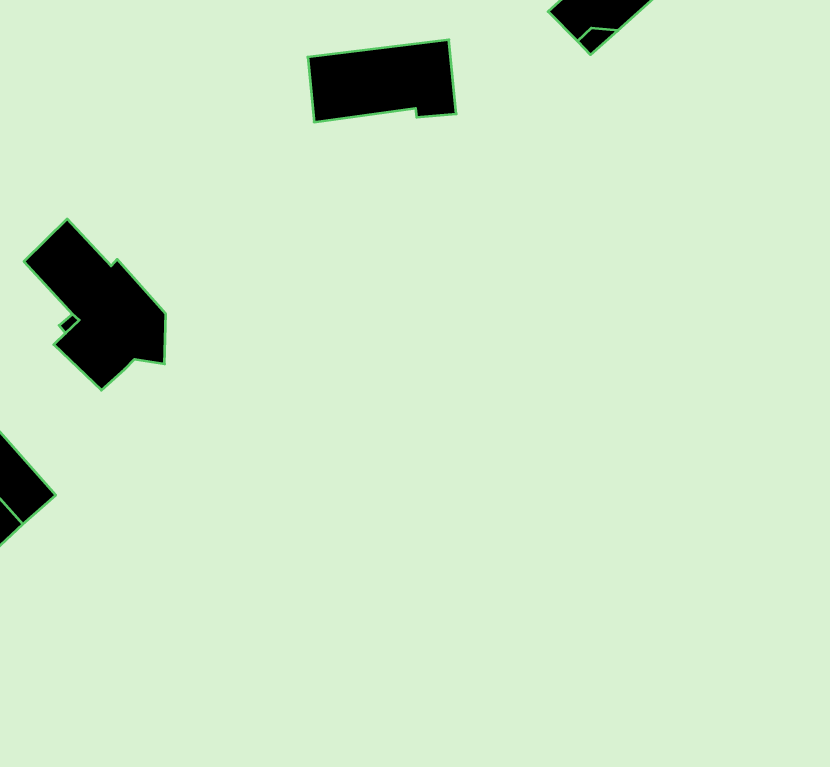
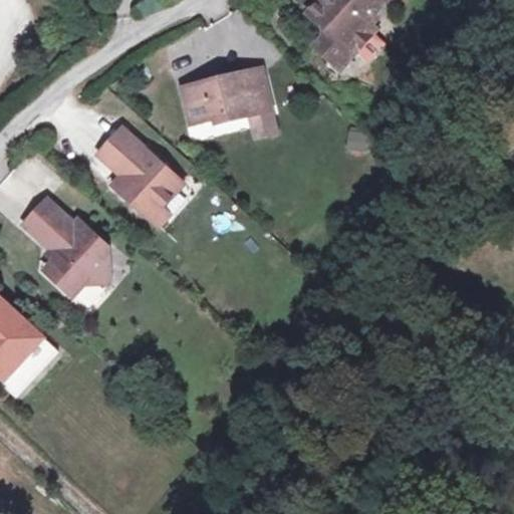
building: none -> [91,121,188,225]

